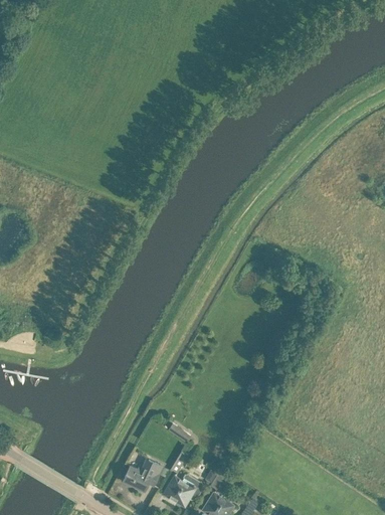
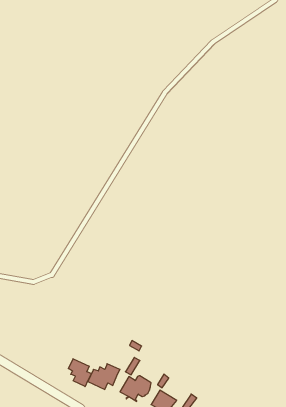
building: none -> [68,359,91,387]

